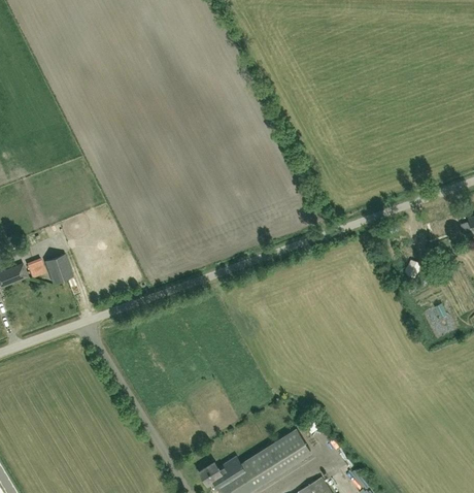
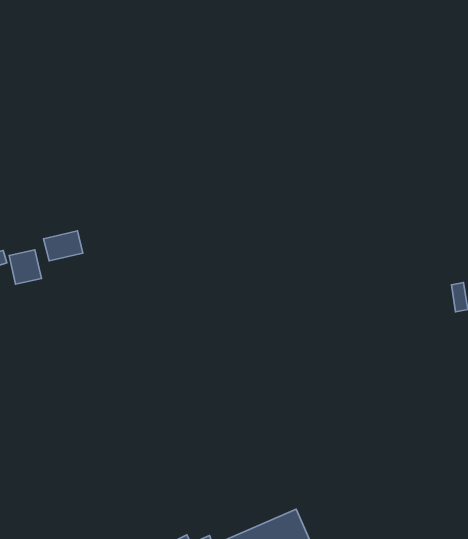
building: none -> [44,231,83,261]

